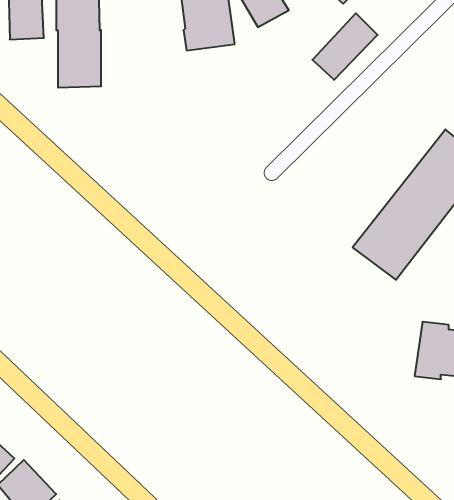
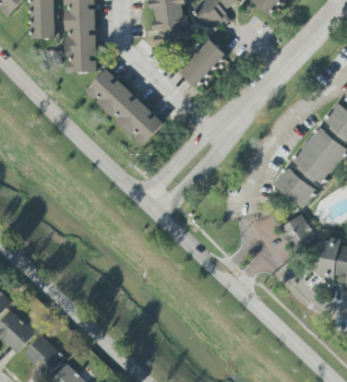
building: [312,13,378,80] -> [179,39,225,86]
building: none -> [85,69,164,145]
building: none -> [282,215,315,251]

